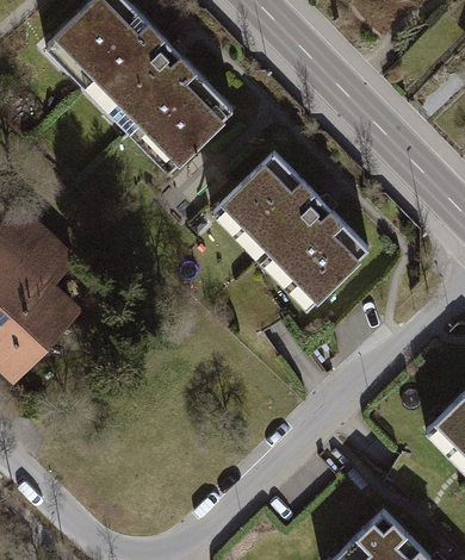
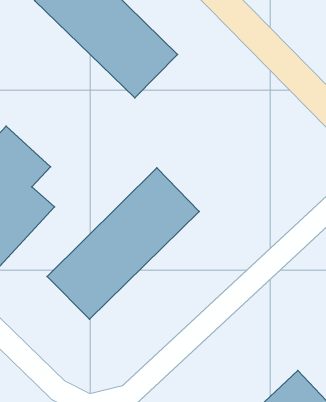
building: [218,149,366,298] -> none
building: none -> [47,168,199,319]

